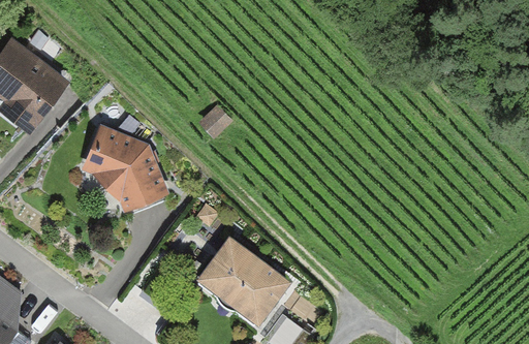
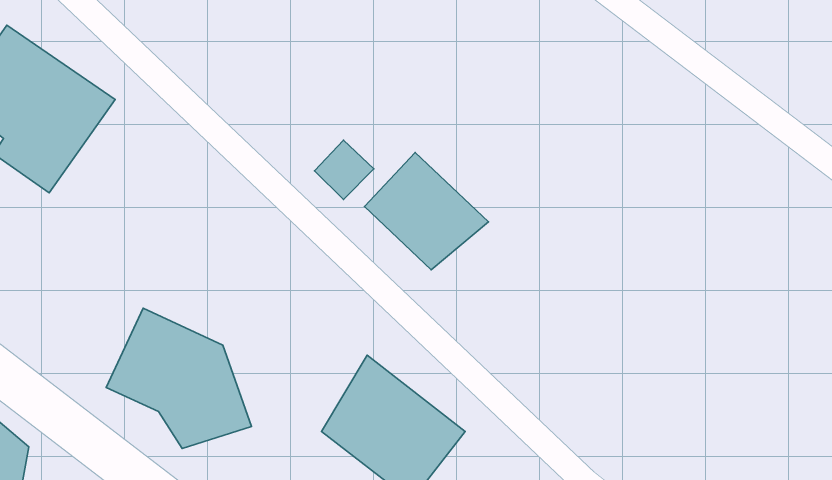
building: none -> [365,152,488,270]
building: [79,124,167,210] -> [106,308,252,449]

